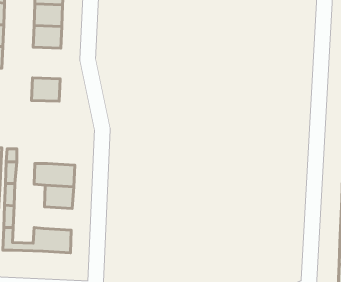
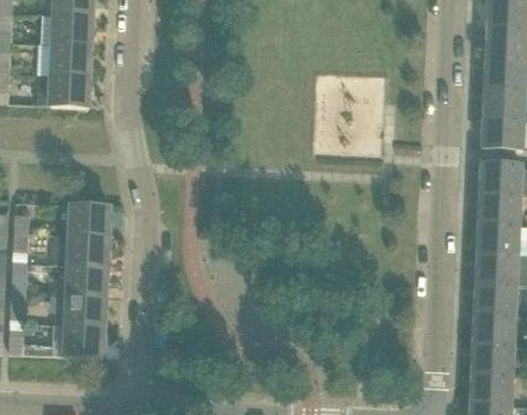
building: [32,78,60,101] -> [49,75,88,108]
building: none -> [69,205,109,238]
building: none -> [65,295,104,328]

